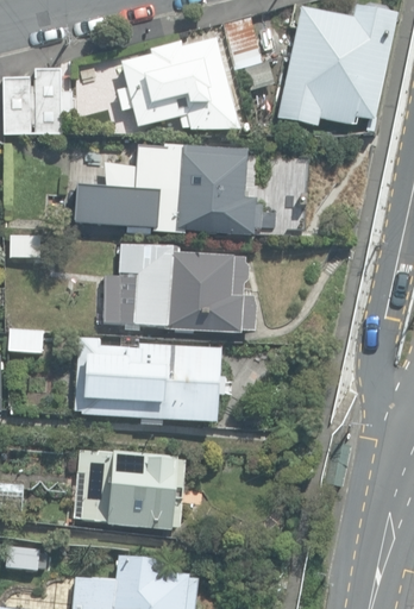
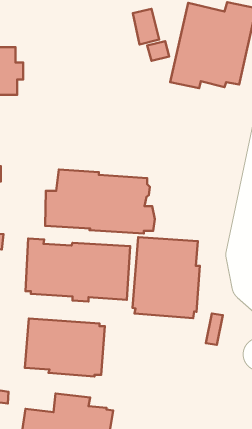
building: [117,38,239,131] -> none
building: [73,138,262,237] -> none
building: none -> [132,237,200,318]

